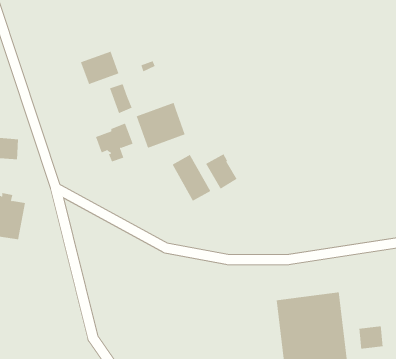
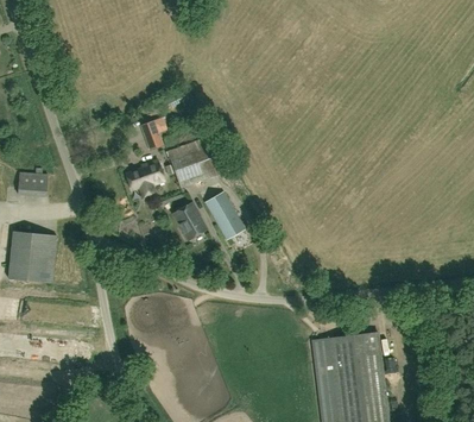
building: [80,51,119,85] -> none
building: [205,153,238,189] -> [173,202,207,239]
building: [359,325,383,349] -> none

